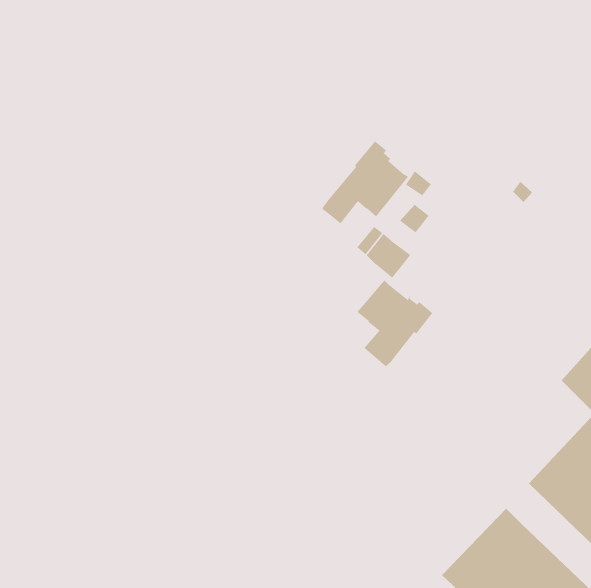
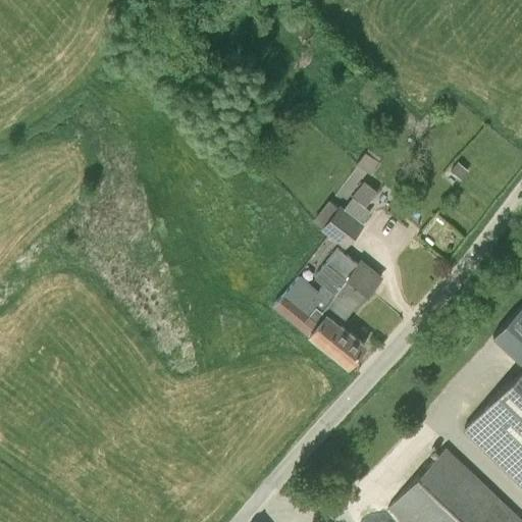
building: [321,141,409,224] -> none
building: none -> [275,277,366,368]

